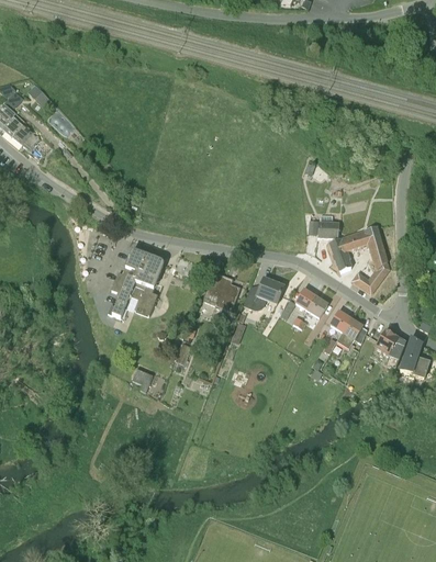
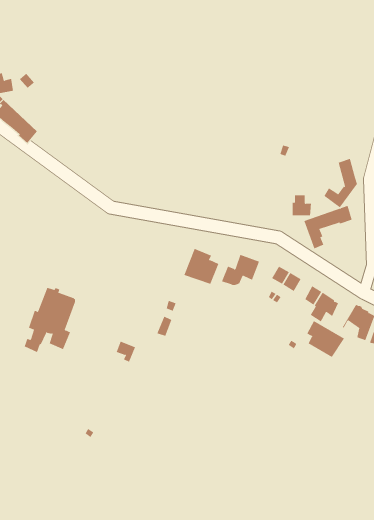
building: [353,240,389,293] -> [323,158,358,208]
building: [108,249,163,318] -> [24,287,76,353]
building: none -> [307,320,345,358]

